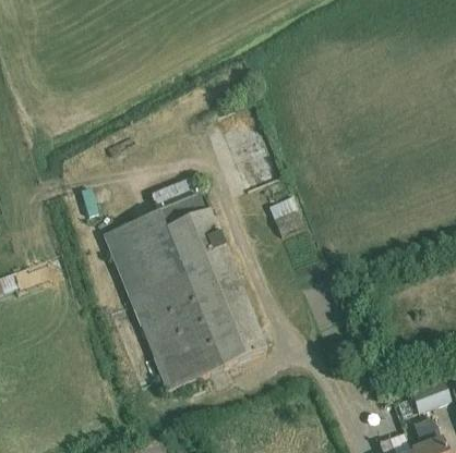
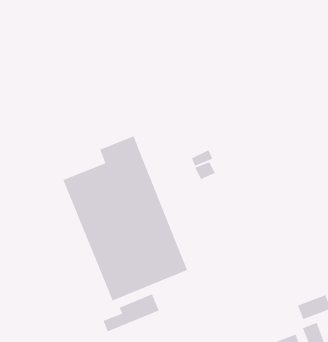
building: none -> [103,293,159,332]

